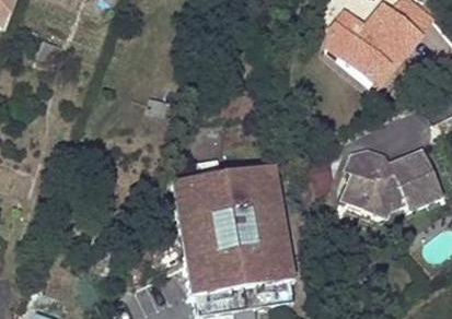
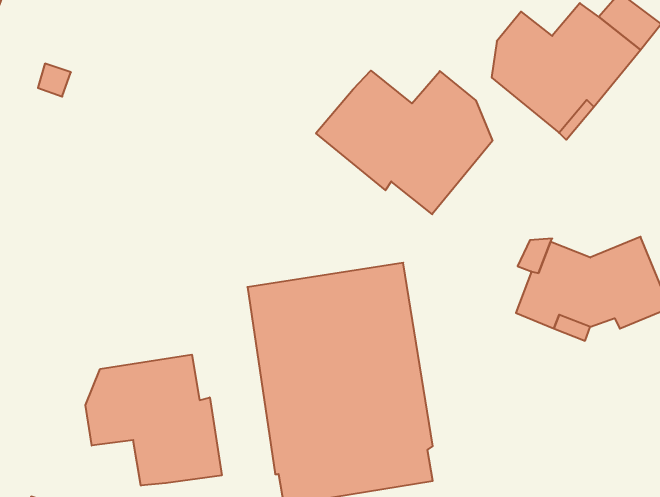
building: none -> [316,71,492,214]
building: none -> [85,355,222,486]

